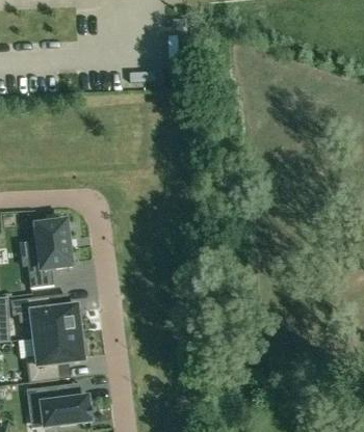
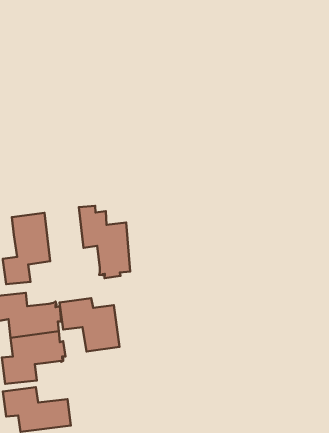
building: none -> [79,206,130,278]
building: none -> [59,298,119,352]

